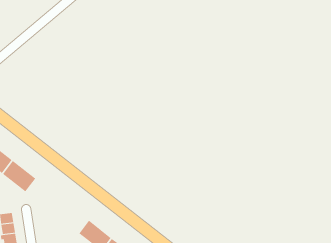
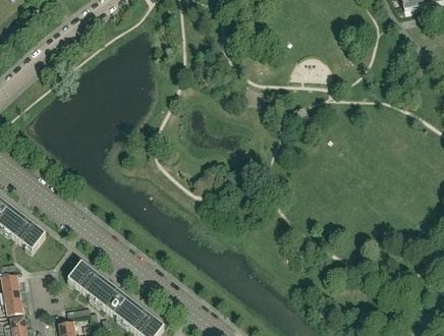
building: none -> [67,263,109,301]

